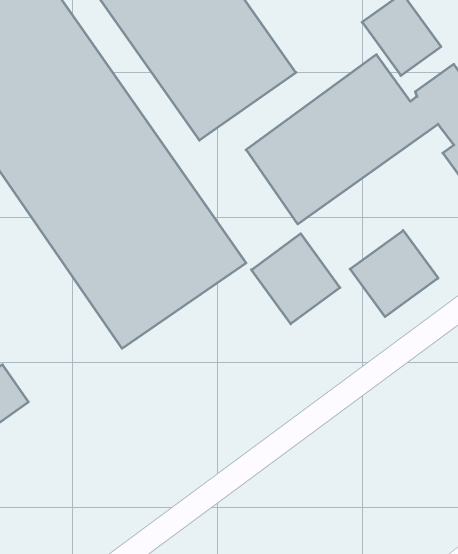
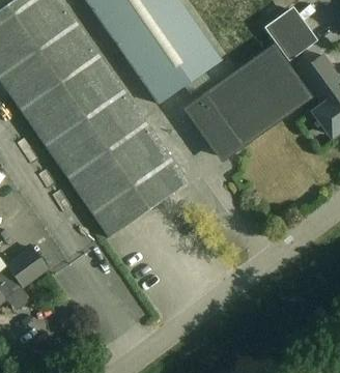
building: [350,230,438,317] -> none
building: [251,234,340,324] -> none

